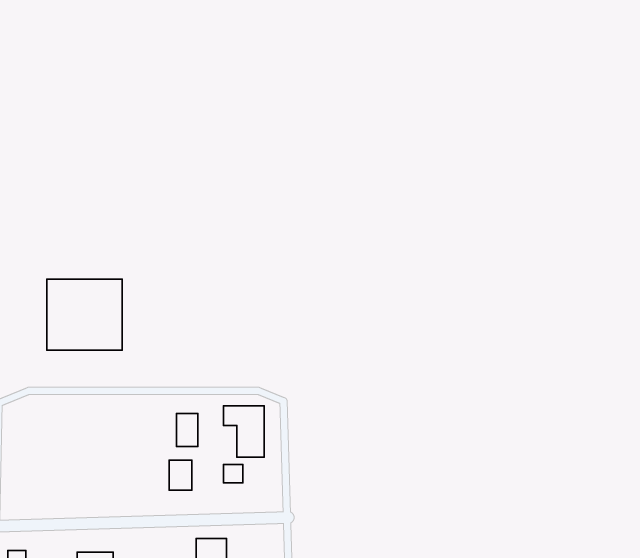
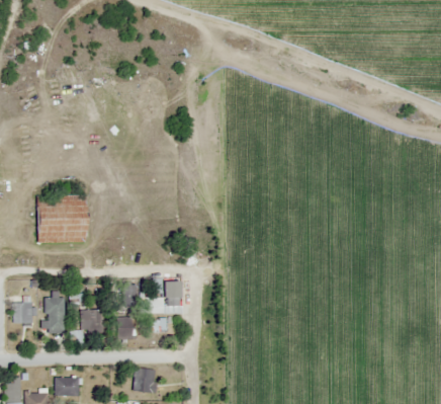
building: none -> [47,298,65,332]
building: none -> [14,302,34,324]
building: none -> [72,309,103,344]

